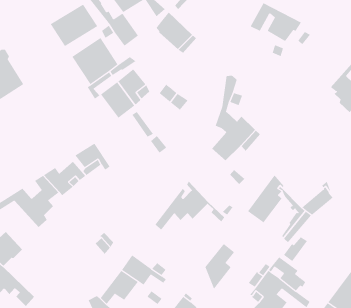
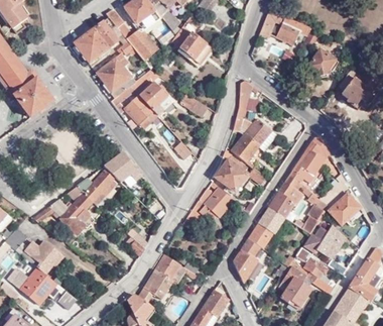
building: none -> [307,49,335,79]
building: none -> [292,137,330,183]
building: none -> [215,151,247,192]
building: none -> [329,190,361,225]
building: none -> [249,207,285,247]
building: none -> [316,225,347,258]

